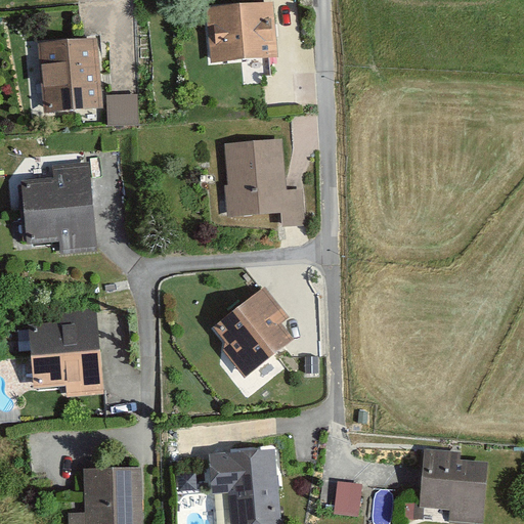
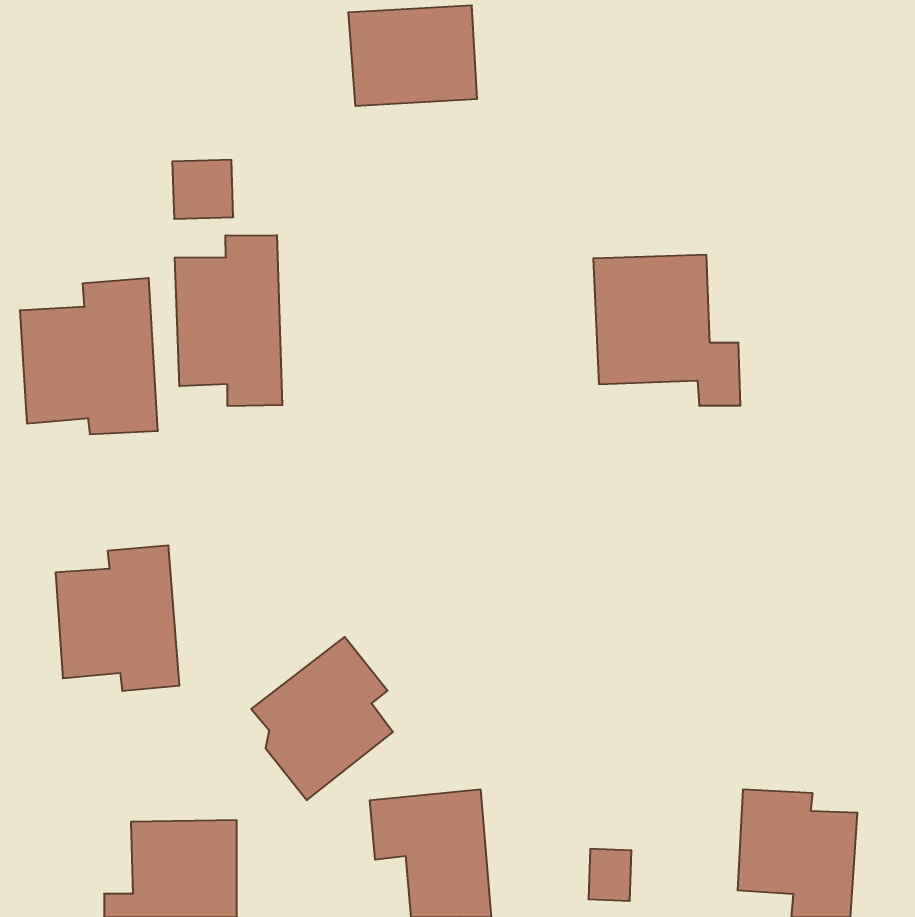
building: [30,38,93,105] -> none
building: none -> [175,235,282,406]
building: [221,142,305,228] -> [593,255,740,406]
building: [213,288,294,381] -> [251,637,393,800]

